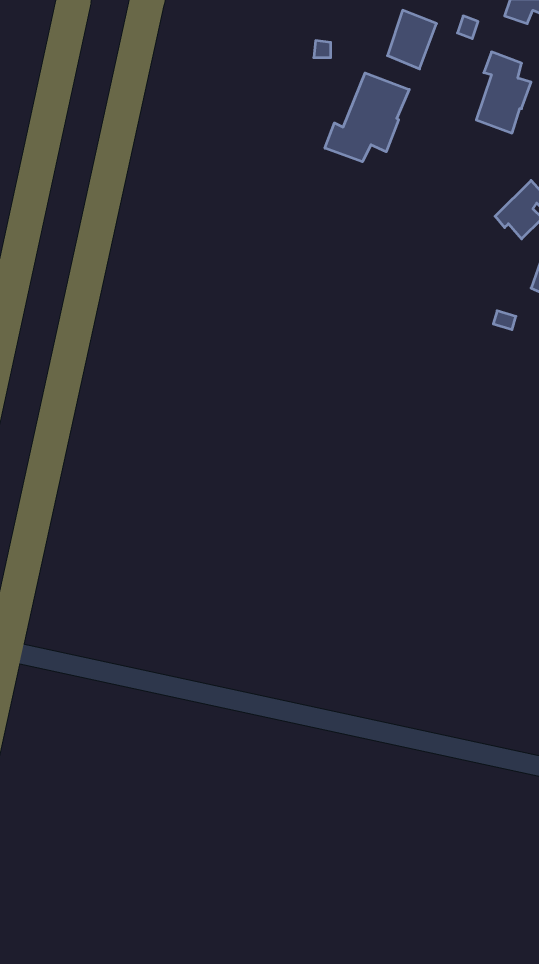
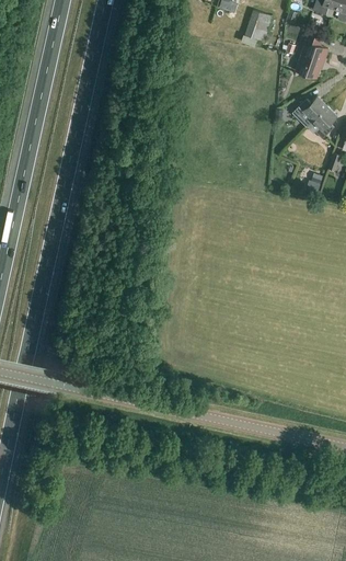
building: [325,73,409,162] -> none
building: none -> [293,95,328,126]

